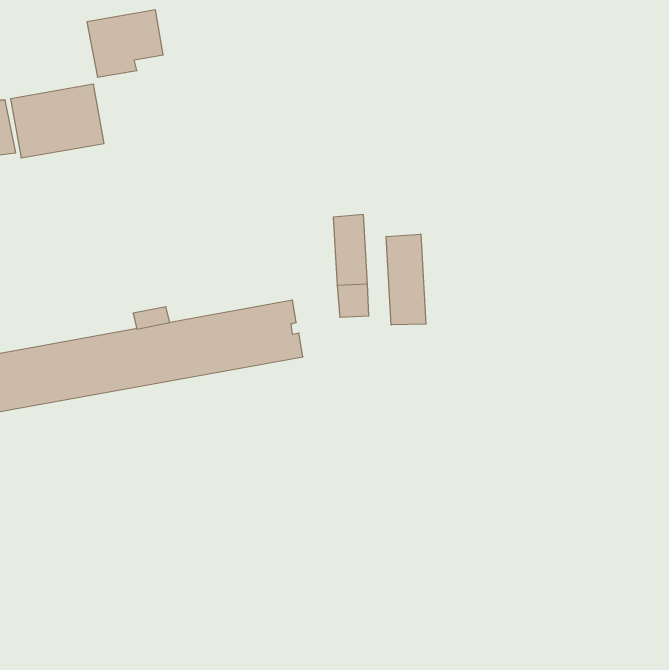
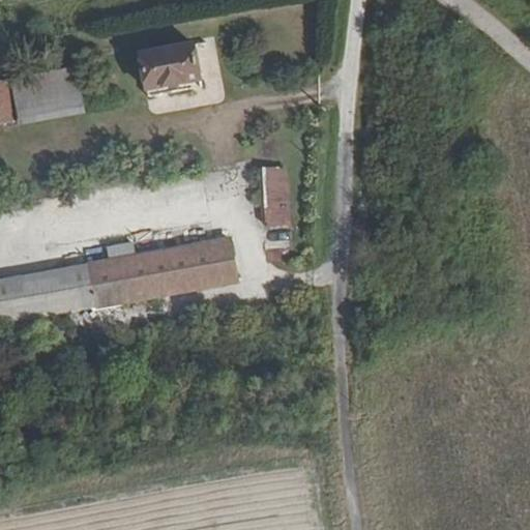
building: [87,10,163,77] -> [139,43,199,96]
building: [386,234,426,325] -> none

